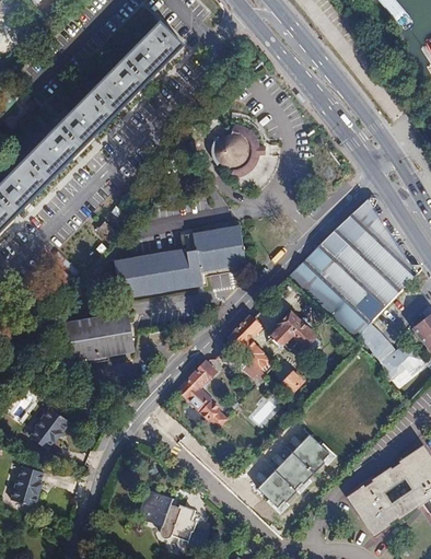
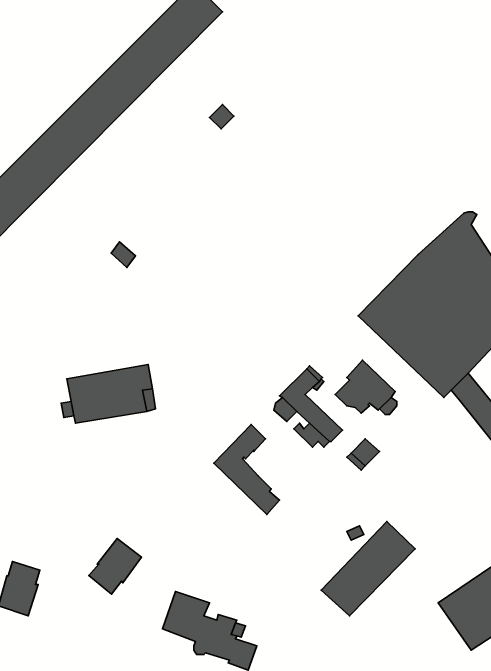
building: [211,124,265,177] -> none
building: [116,228,243,295] -> none
building: [28,407,69,450] -> [89,538,142,594]

